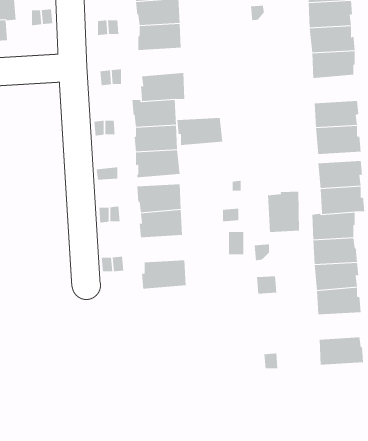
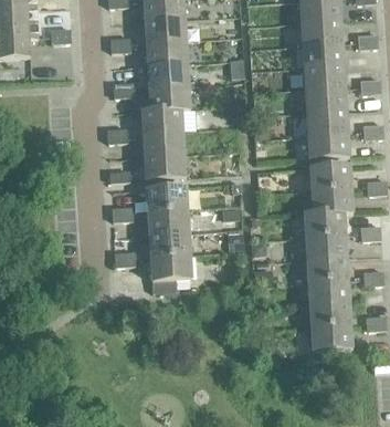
building: none -> [305,87,346,113]
building: [177,117,223,146] -> [147,63,189,88]
building: [268,191,299,233] -> none
building: none -> [149,232,190,257]
building: none -> [309,302,349,326]

